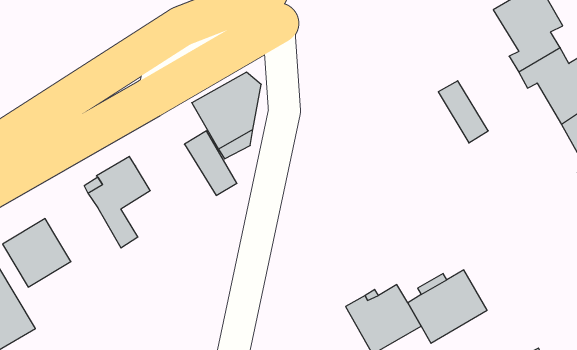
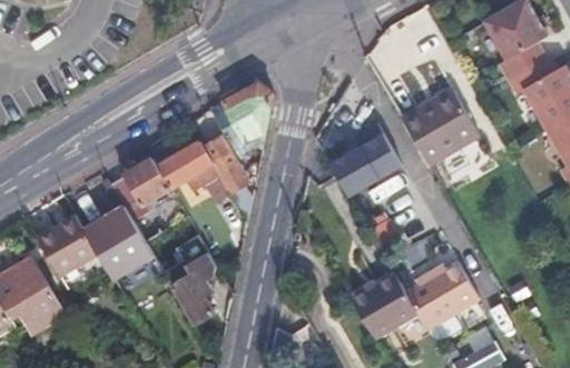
building: none -> [401,99,461,165]
building: none -> [331,123,402,196]
building: none -> [157,142,230,202]
building: none -> [82,205,153,279]
building: none -> [170,253,215,325]

